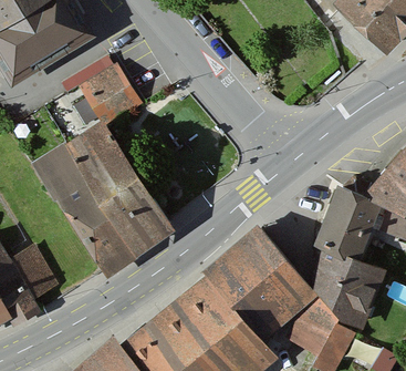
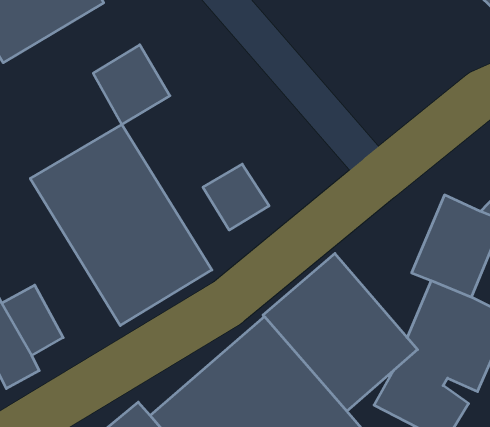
building: none -> [203,164,269,230]

